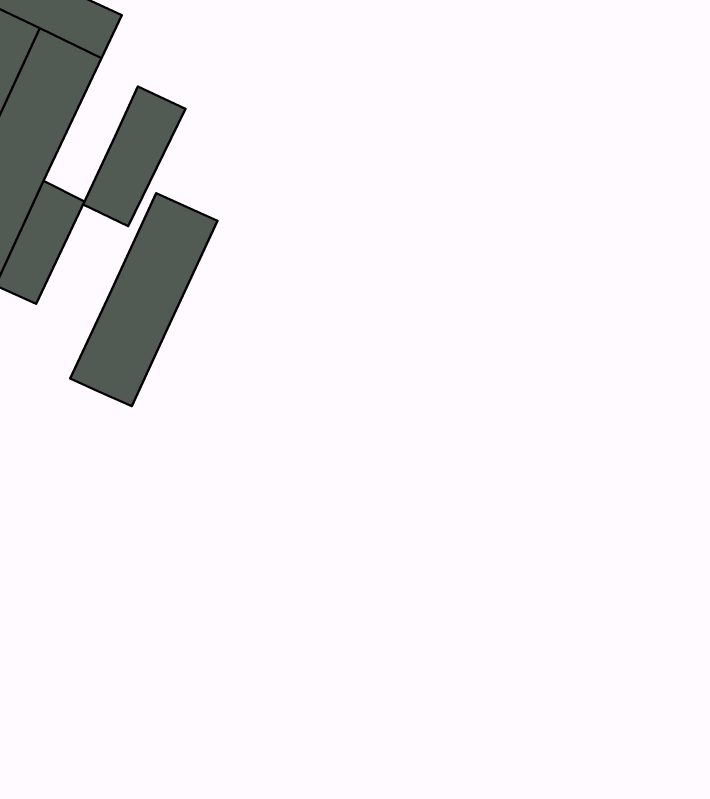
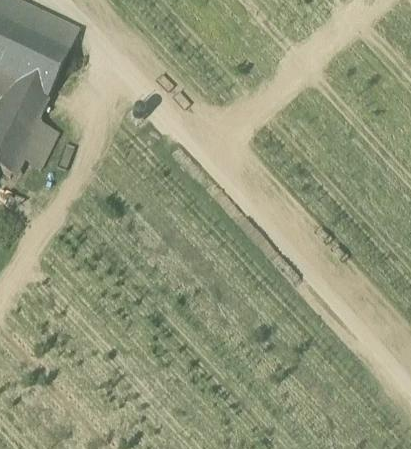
building: [83,87,185,226] -> none
building: [70,193,218,406] -> none

